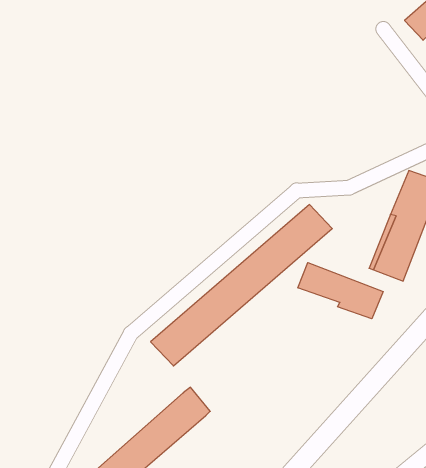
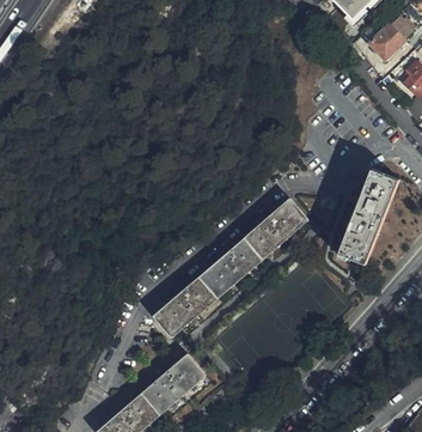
building: [298,263,383,319] -> none

